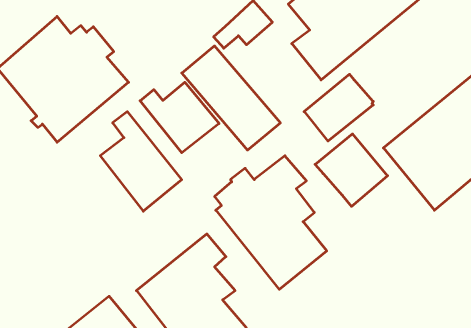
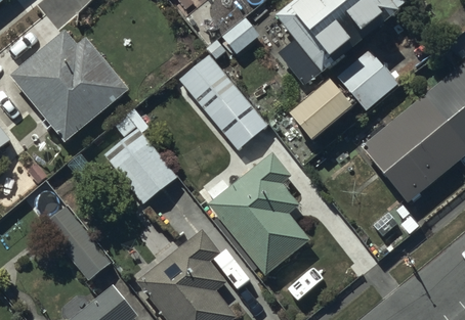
building: [140,82,219,153] -> none
building: [315,134,388,206] -> [333,45,398,110]
building: none -> [42,202,111,277]

